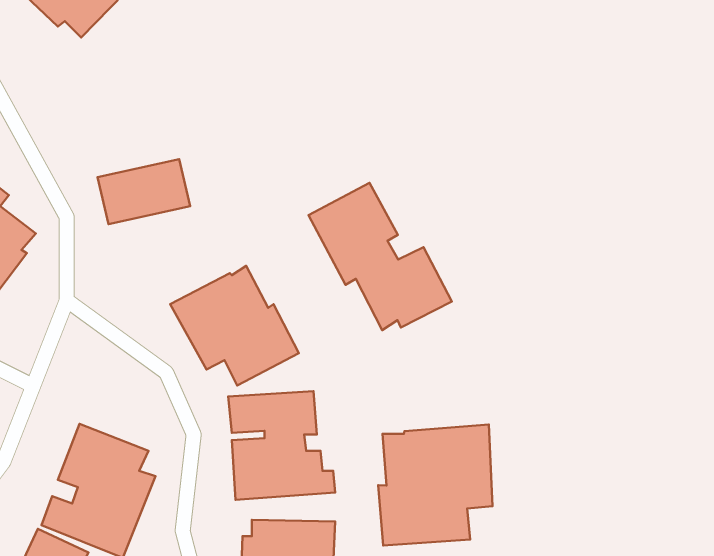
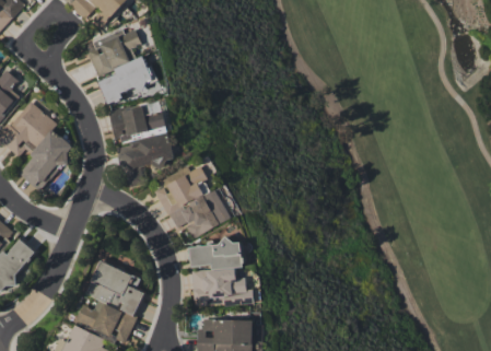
building: none -> [87,28,154,105]
building: [309,183,452,330] -> none
building: none -> [120,132,174,186]
building: [378,424,493,546] -> none

